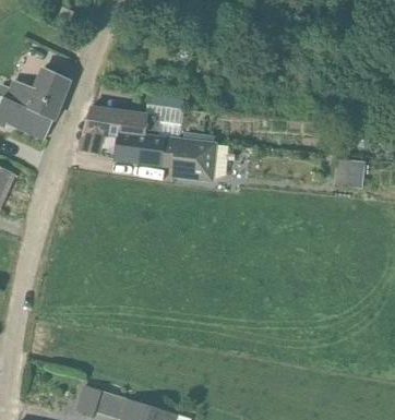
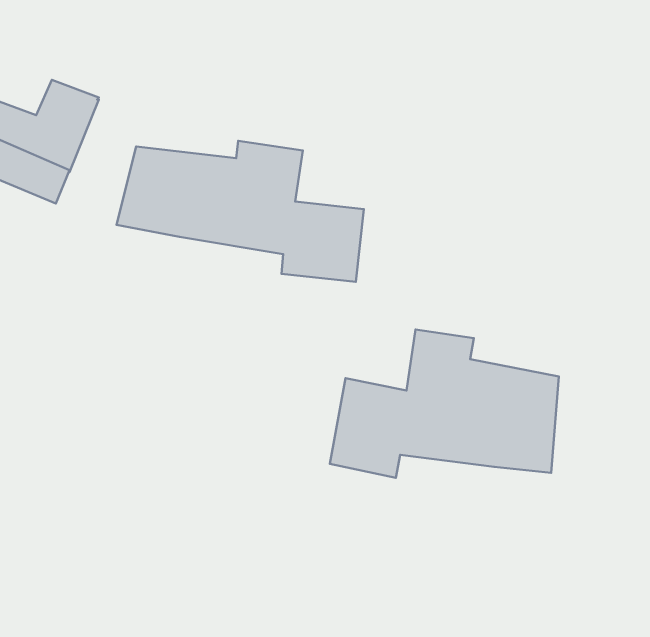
building: [334,157,364,188] -> none
building: none -> [330,329,559,478]

